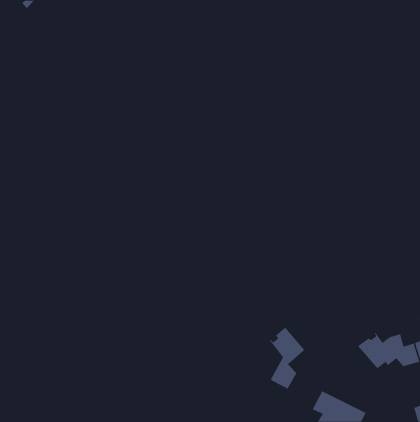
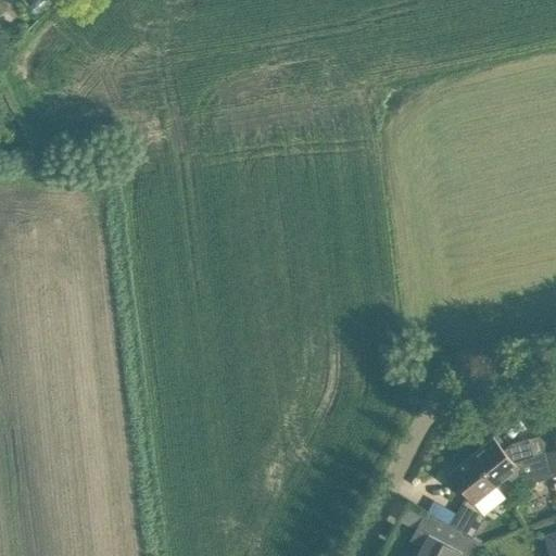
building: [269,327,305,390] -> [451,455,498,538]

